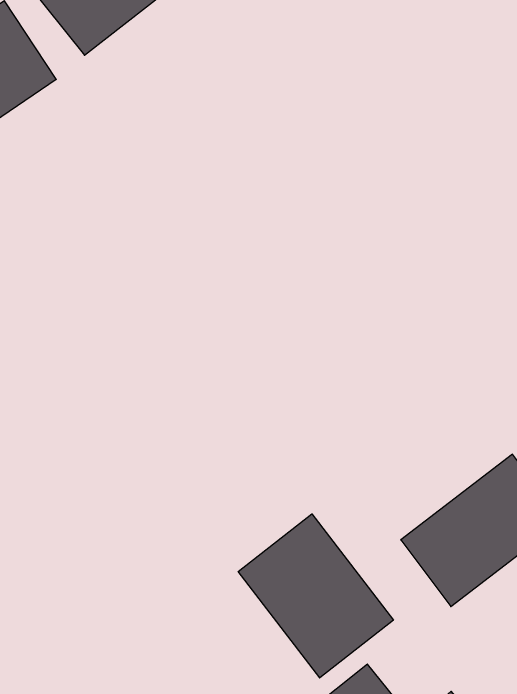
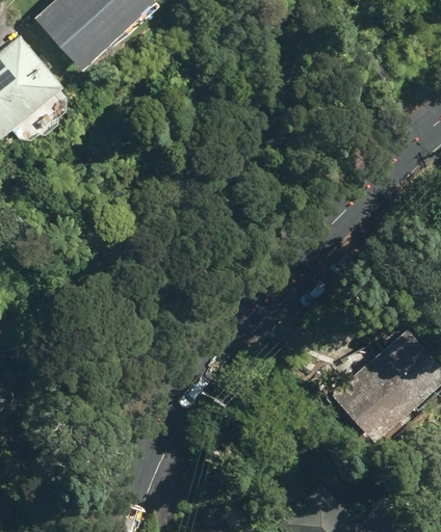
building: [238,514,393,678] -> none

